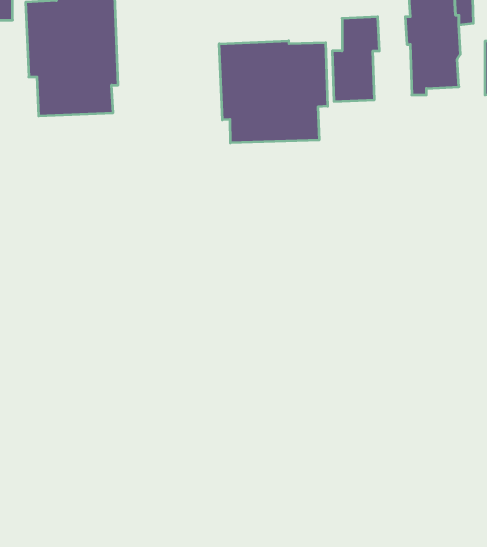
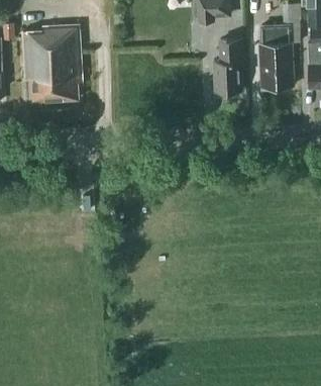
building: [219,41,328,143] -> none

